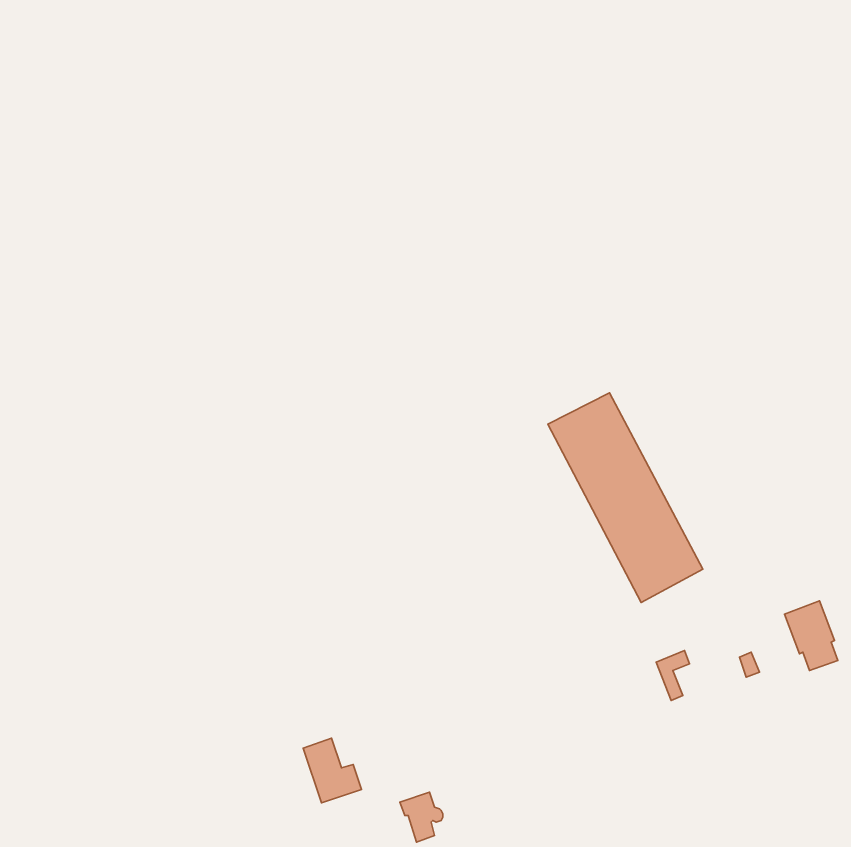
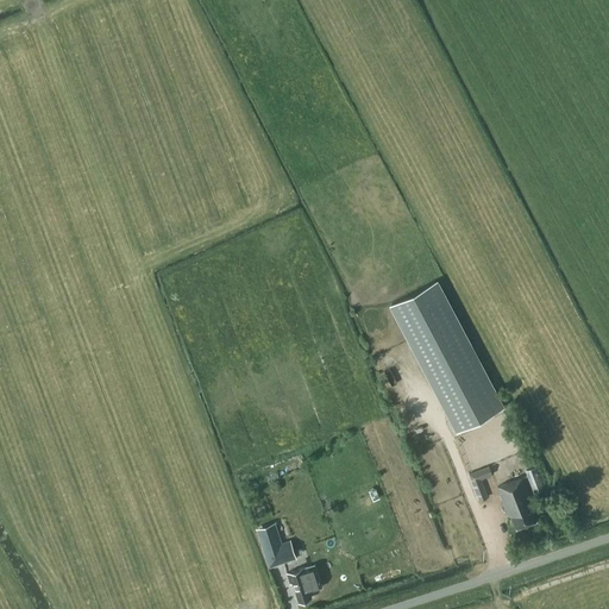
building: [785,601,838,671] -> [500,479,538,529]
building: [303,738,362,803] -> [255,523,296,570]

